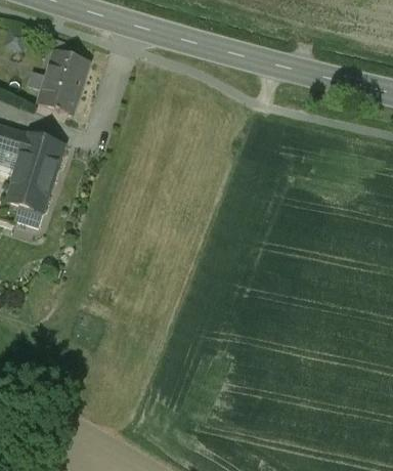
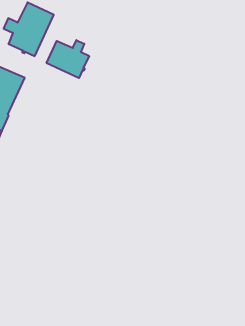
building: none -> [47,40,89,78]

